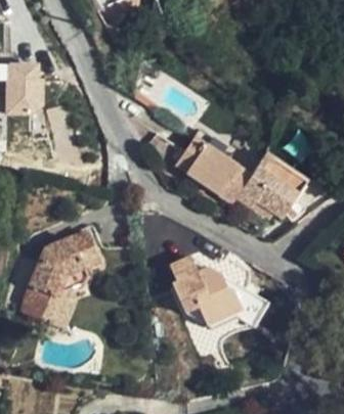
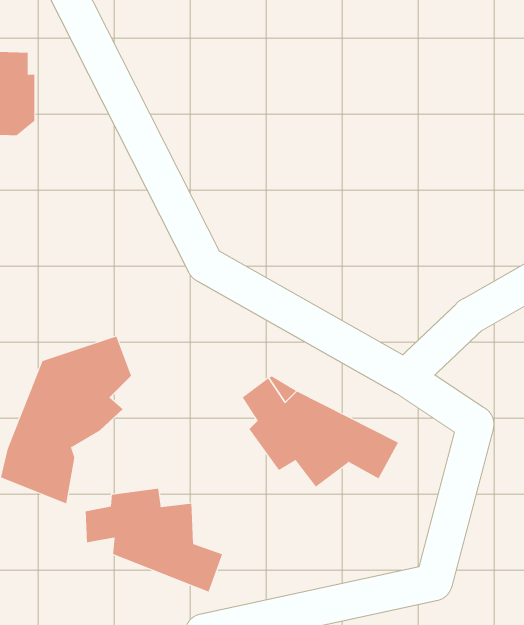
building: [173,136,305,215] -> none
building: none -> [85,488,223,593]

